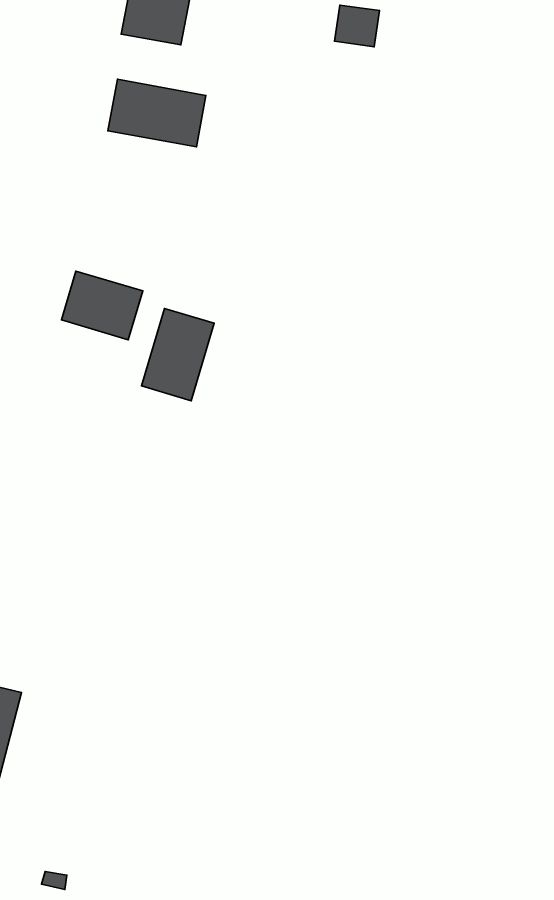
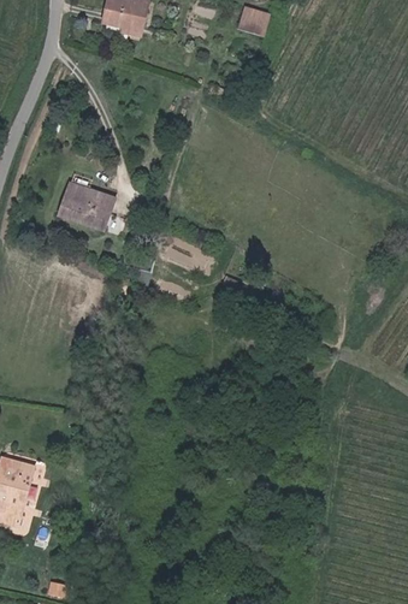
building: [108,79,206,147] -> none
building: [142,308,214,401] -> none

